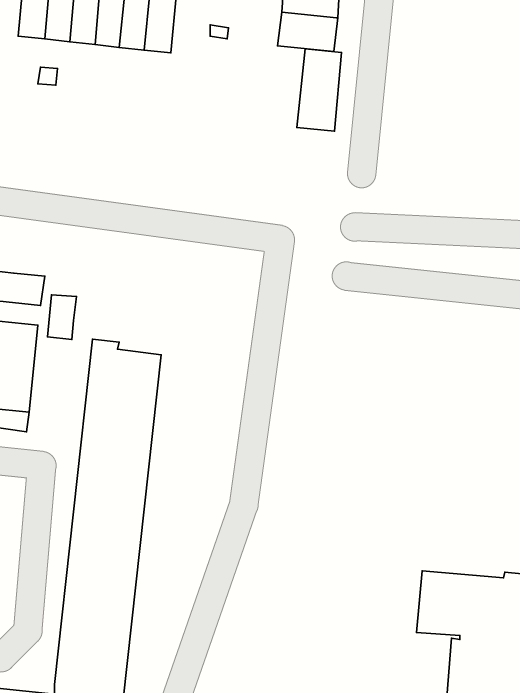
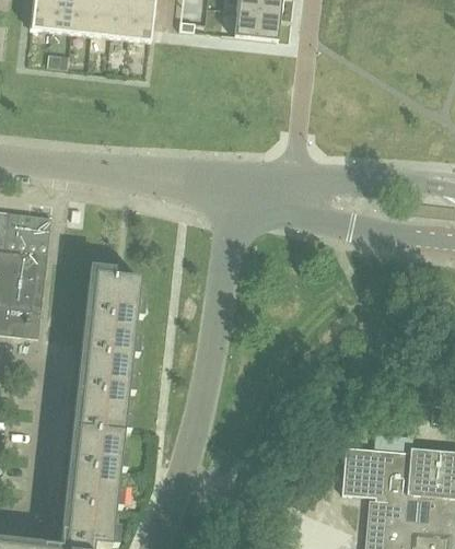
building: [297,49,342,131] -> none
building: [47,295,76,339] -> none

